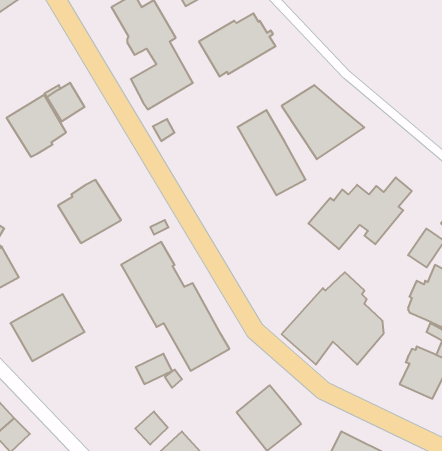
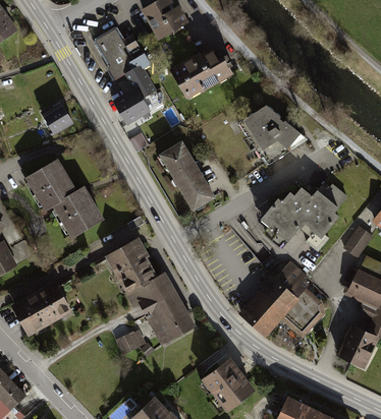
building: [6,95,66,157] -> [23,157,73,208]
building: [237,110,306,195] -> [158,138,215,210]
building: [135,411,168,445] -> none

